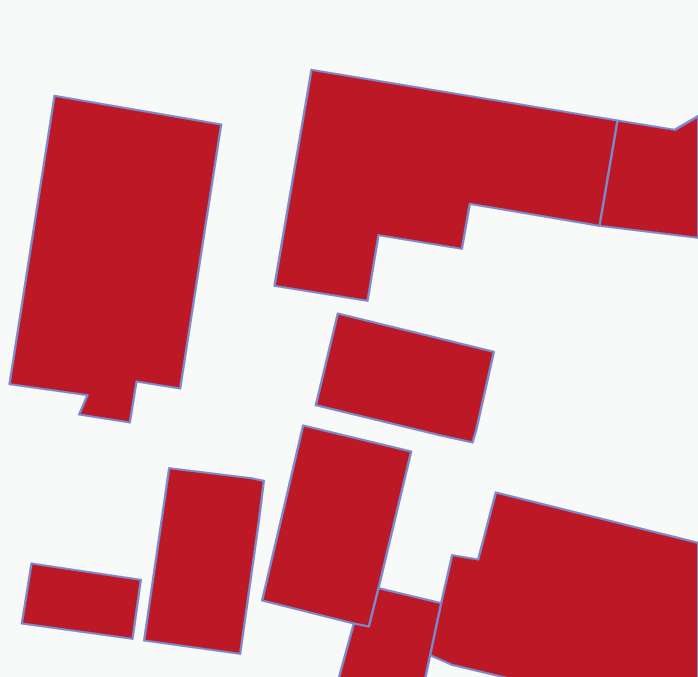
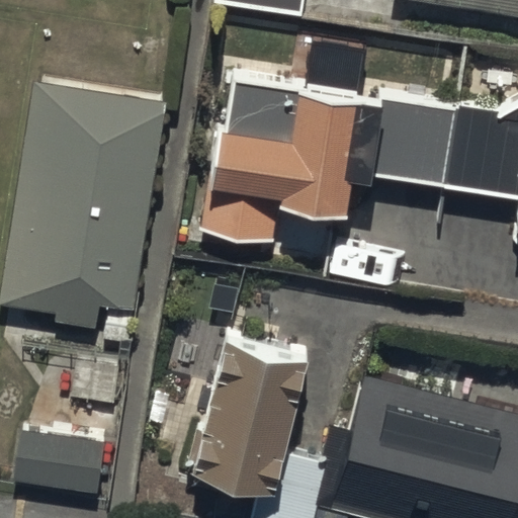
building: [316,313,494,443] -> none
building: [144,468,264,654] -> none

